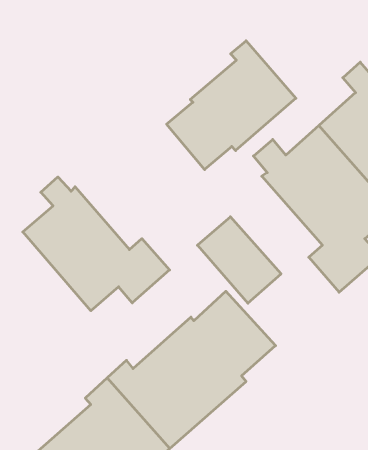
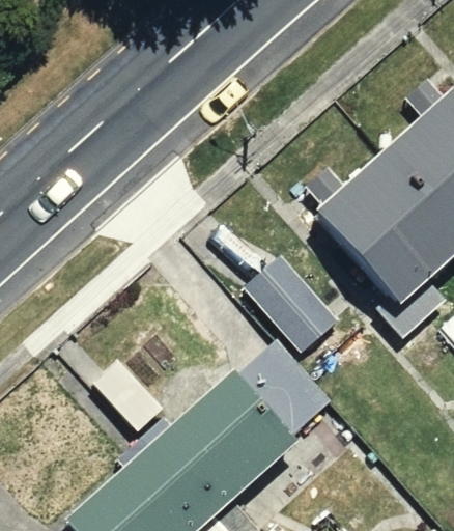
building: [167,41,296,170] -> none
building: [23,177,170,311] -> none

